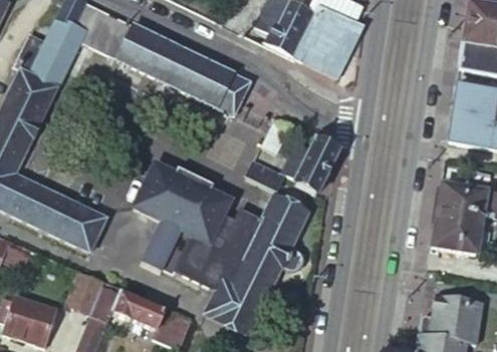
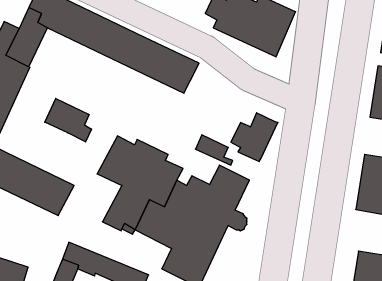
building: none -> [45,98,92,142]
building: [65,270,105,321] -> none

